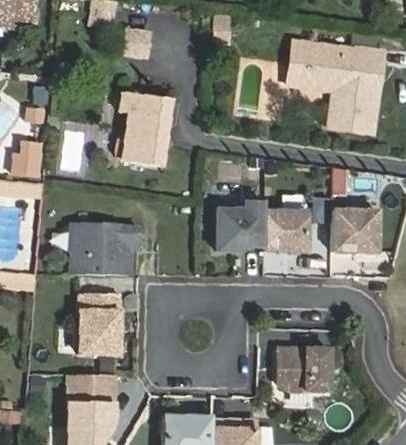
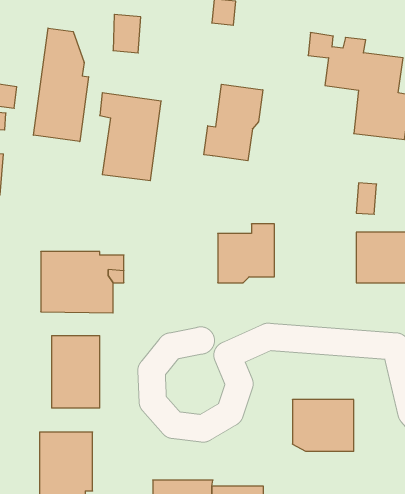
building: none -> [33,28,89,142]
building: none -> [204,84,263,161]
building: [264,209,307,250] -> none

